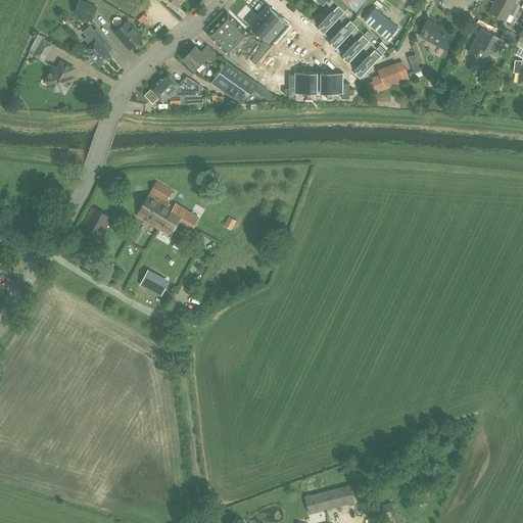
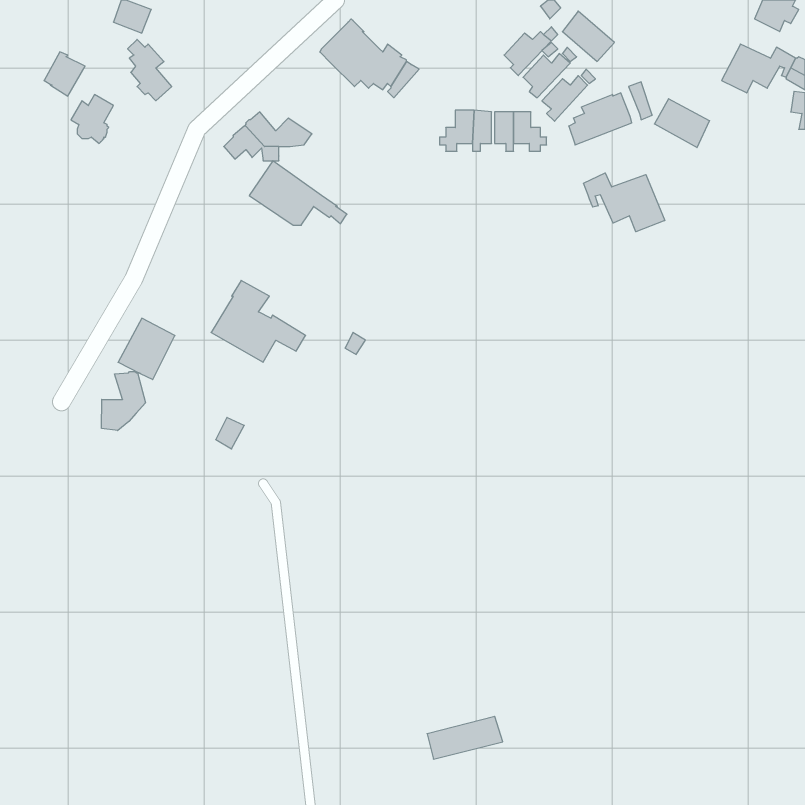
building: [315,5,345,35] -> none
building: [252,7,289,43] -> none
building: [419,19,455,51] -> [654,99,710,148]
building: [115,21,142,49] -> none
building: [183,45,218,69] -> none
building: [211,60,275,102] -> [249,161,347,225]
building: none -> [583,173,665,232]
building: none -> [102,372,146,431]
building: [305,485,354,513] -> [427,716,503,759]

